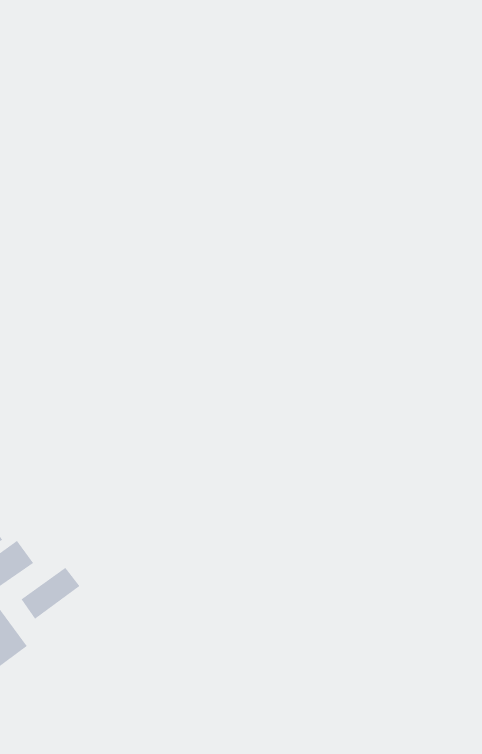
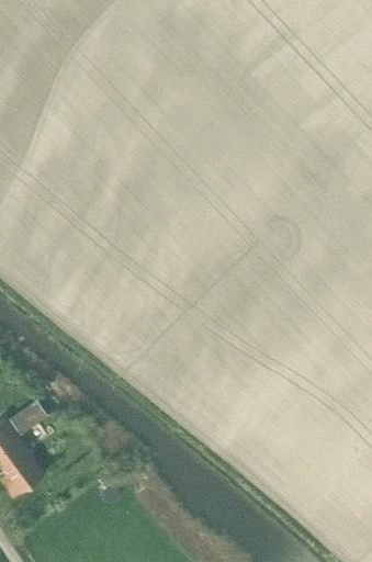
building: [21,567,81,620] -> none

